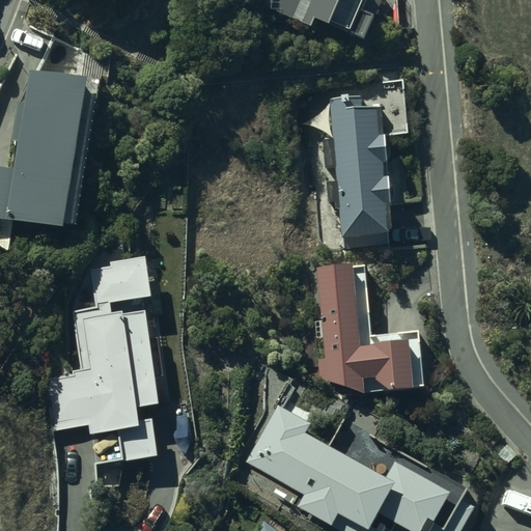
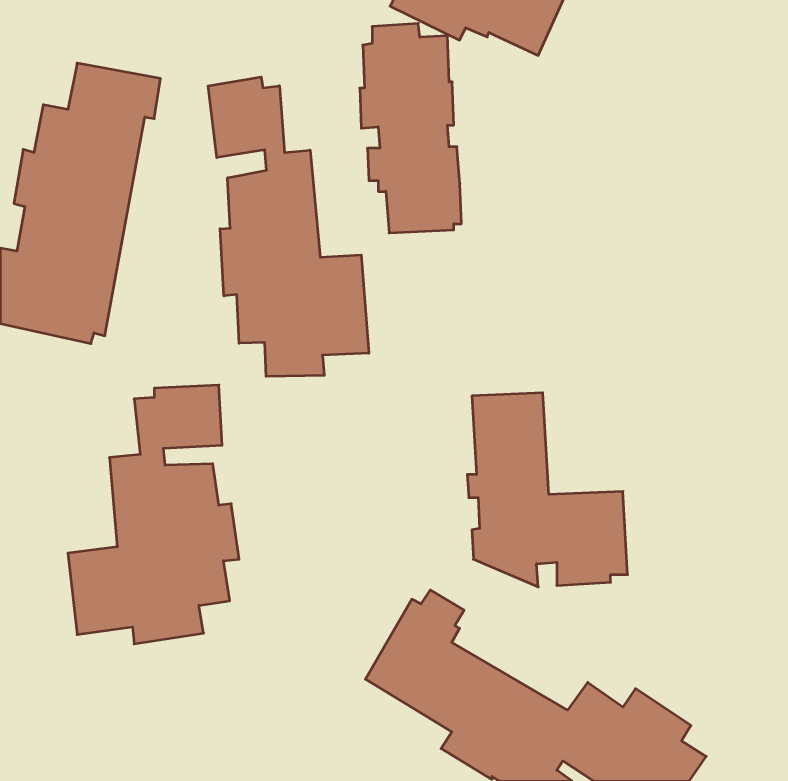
building: none -> [208,77,369,376]
building: [322,95,390,236] -> [360,23,461,233]

